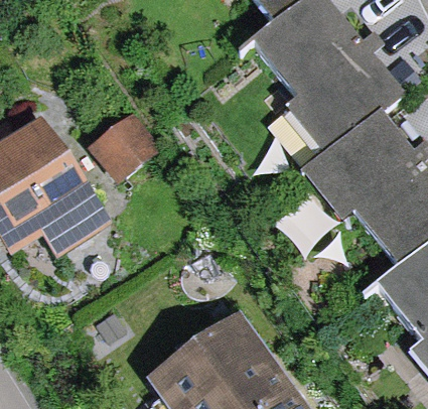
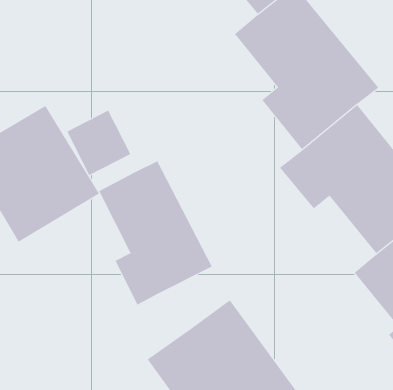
building: none -> [98,160,213,305]

